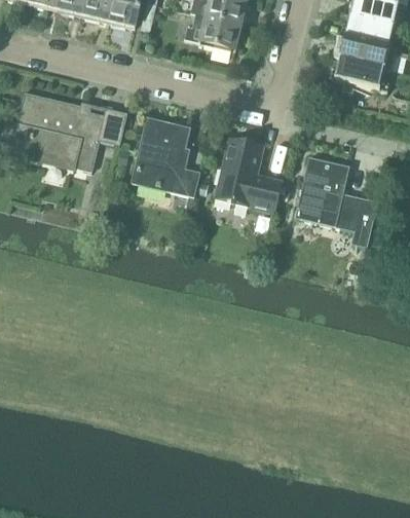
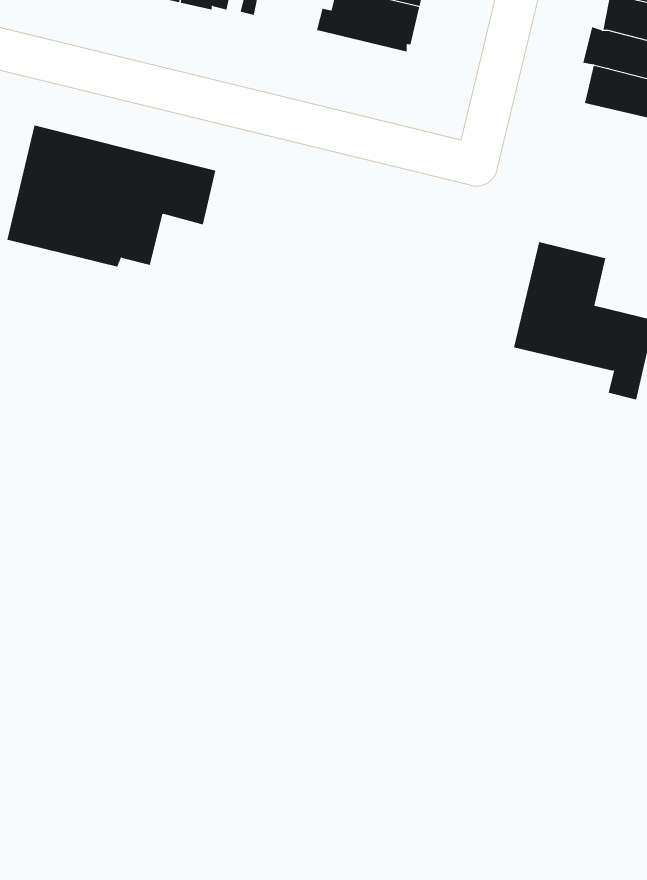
building: [135,117,199,194] -> none
building: [215,137,281,211] -> none

